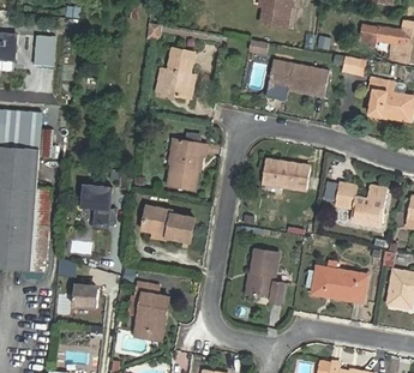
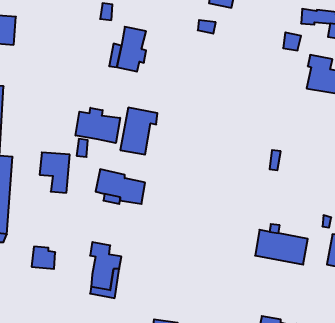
building: [268,61,328,95] -> none
building: none -> [76,108,120,143]
building: [260,161,310,189] -> none
building: [337,181,388,227] -> none
building: [248,248,284,305] -> none

